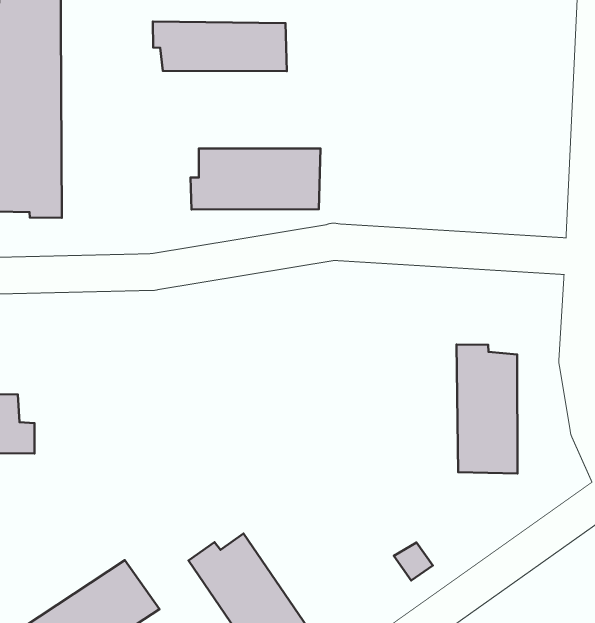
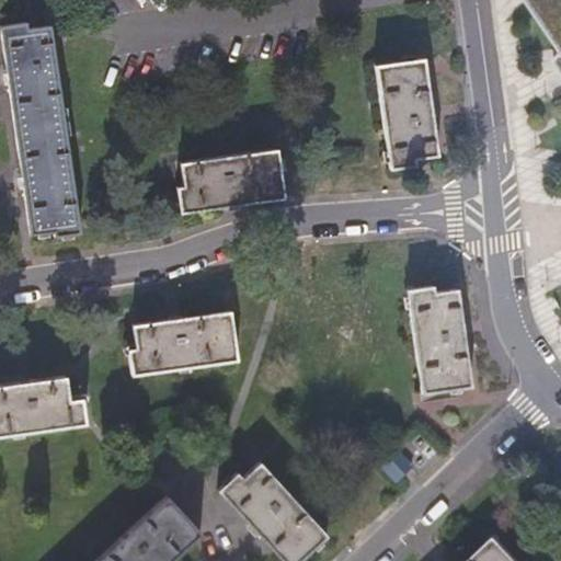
building: [153,22,287,71] -> none
building: none -> [377,59,438,169]
building: none -> [129,310,237,375]

